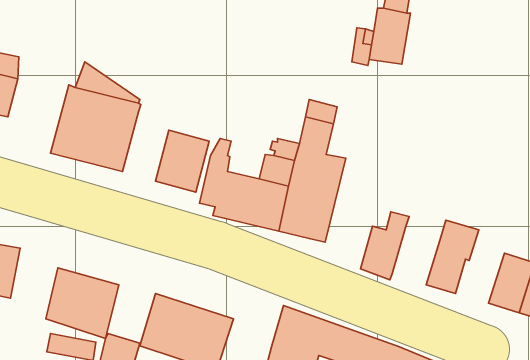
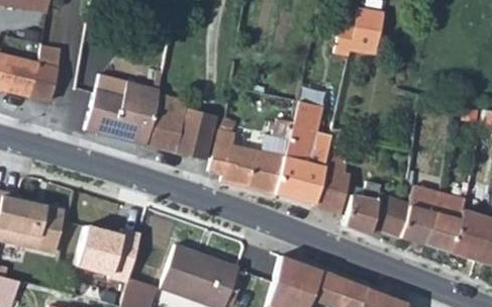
building: none -> [147,96,188,154]
building: none -> [315,155,351,215]
building: none -> [371,192,411,239]
building: none -> [423,194,467,254]

